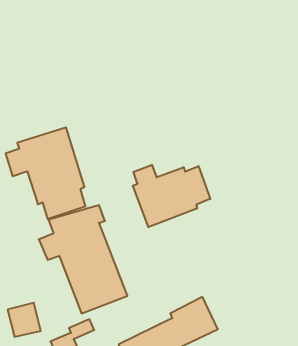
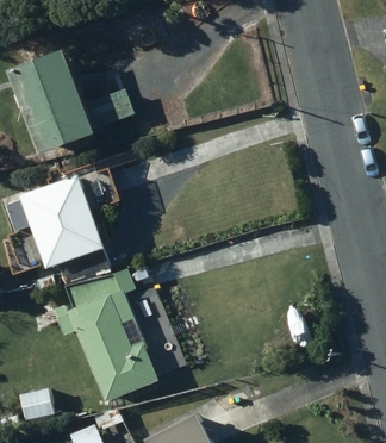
building: none -> [12,46,130,150]
building: [133,165,210,227] -> none

